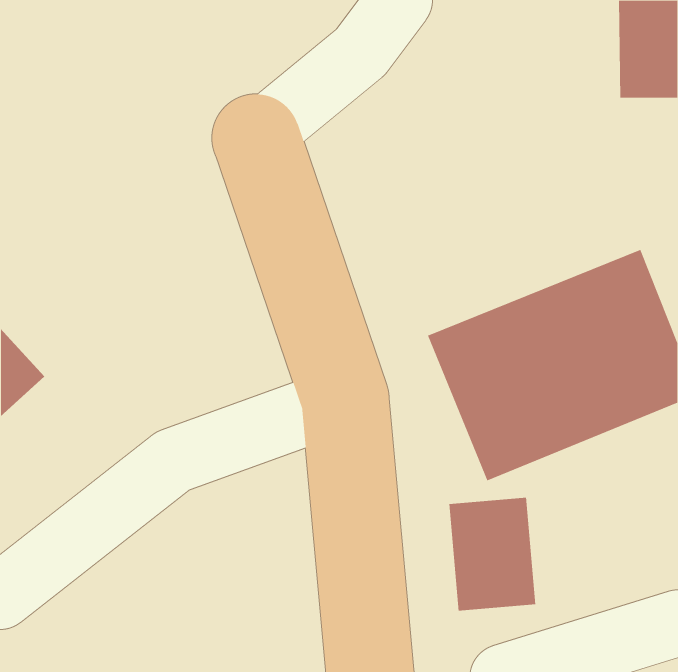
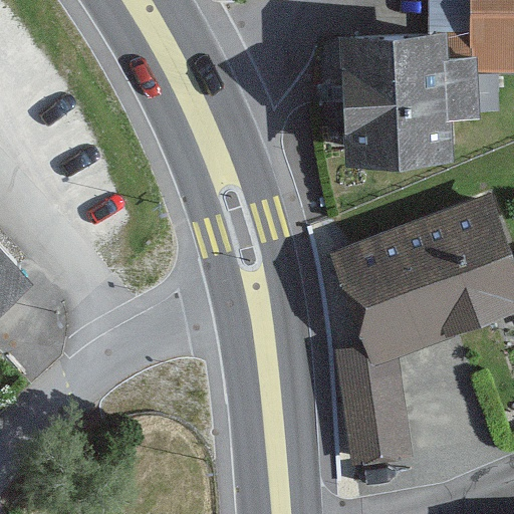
building: none -> [340,33,448,162]

